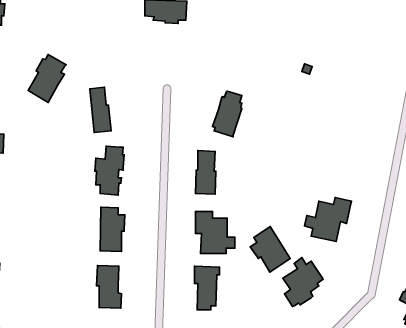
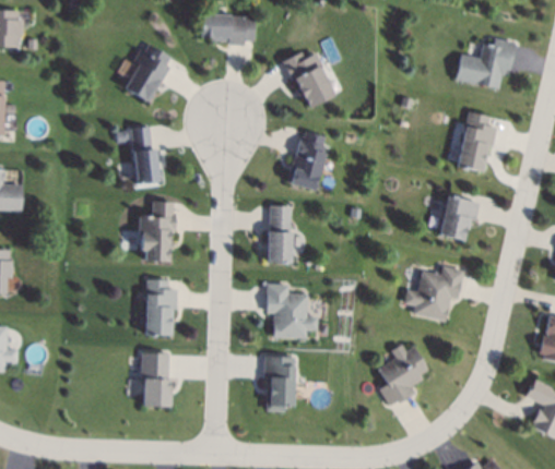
building: none -> [456,38,513,87]
building: none -> [283,52,333,106]
building: [28,54,66,103] -> [123,41,172,103]
building: none -> [457,111,497,171]
building: none -> [439,195,479,240]
building: [250,227,290,272] -> none

